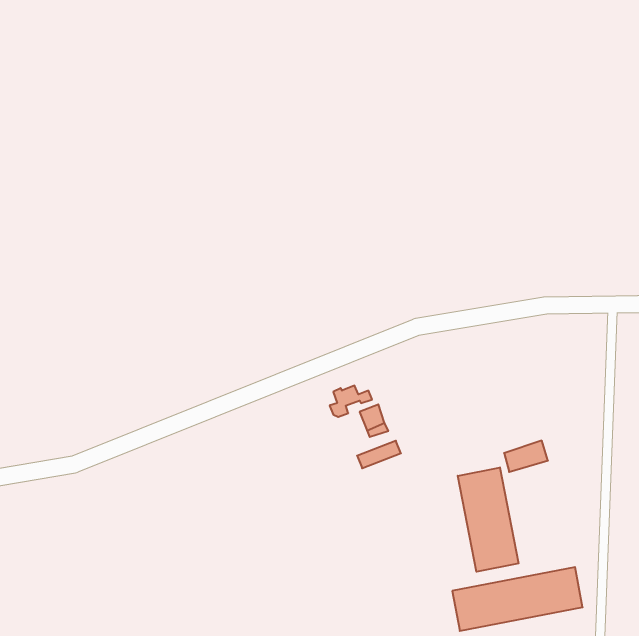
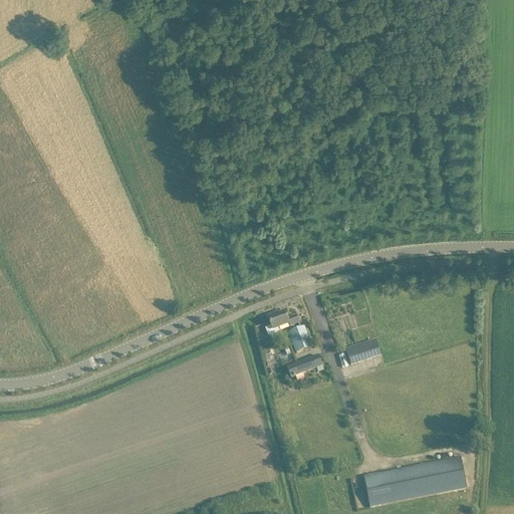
building: [504,441,548,472] -> [345,337,380,362]
building: [458,467,519,572] -> none

